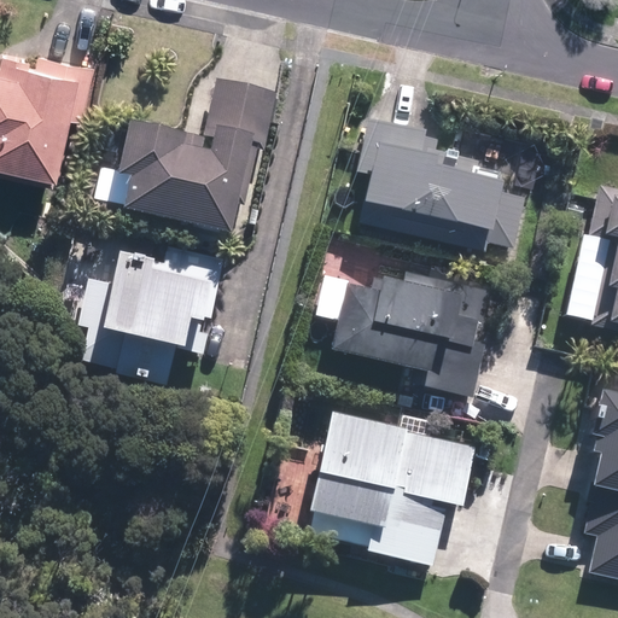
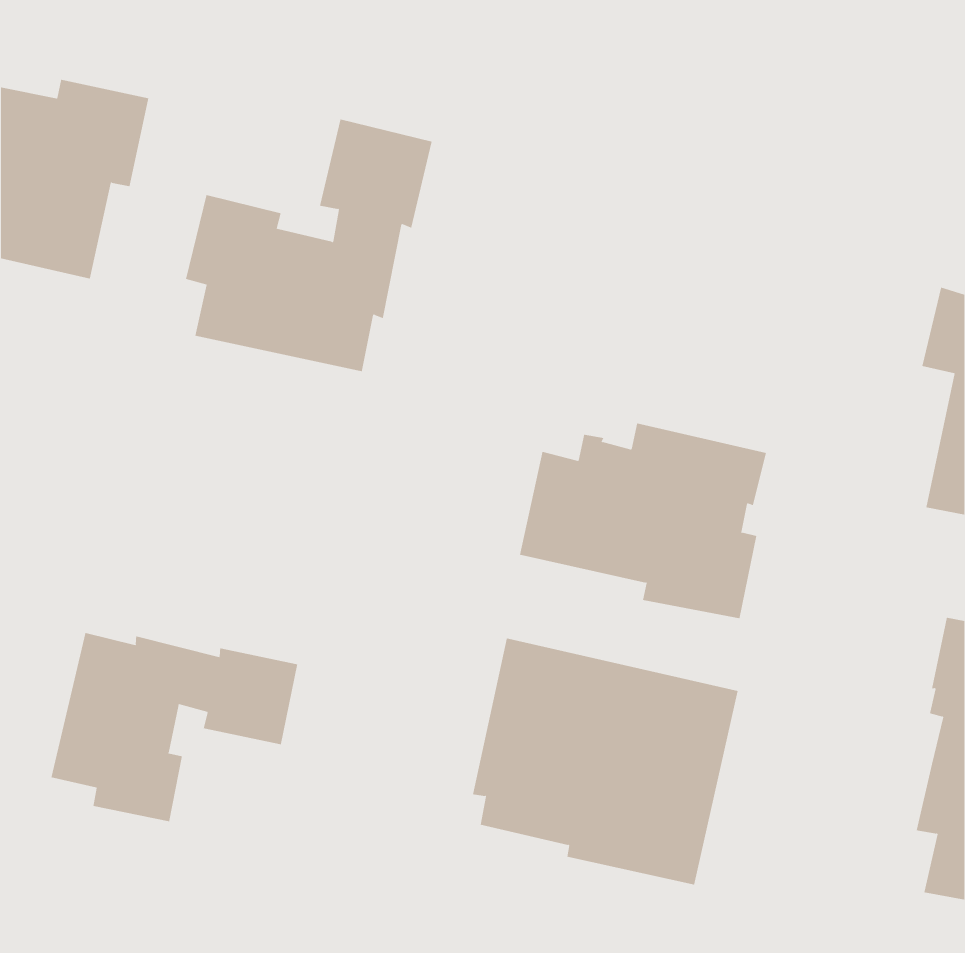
building: [356,117,526,251] -> none
building: [80,245,223,386] -> none
building: none -> [51,632,298,822]

